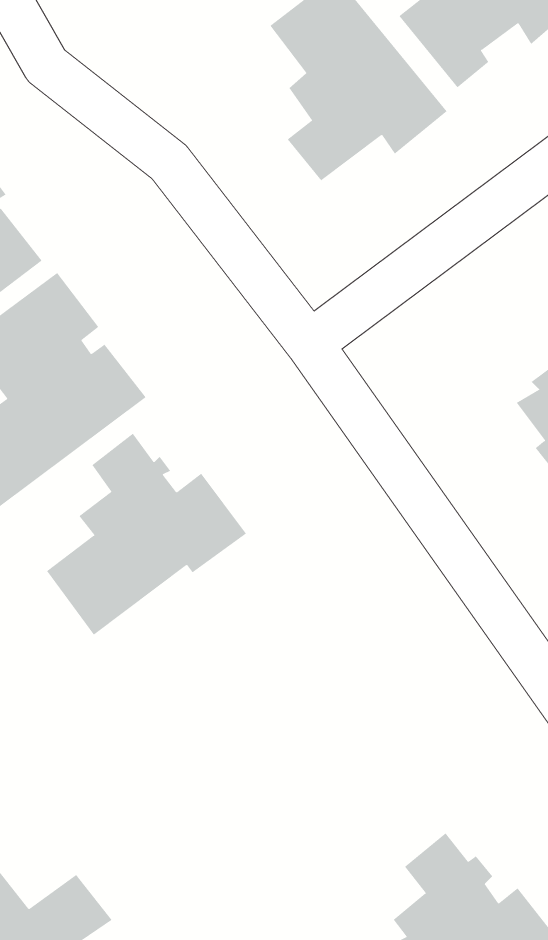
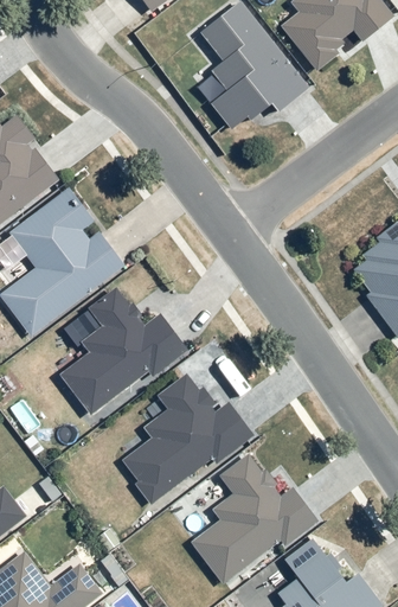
building: none -> [121,372,253,503]
building: none -> [191,453,316,583]

